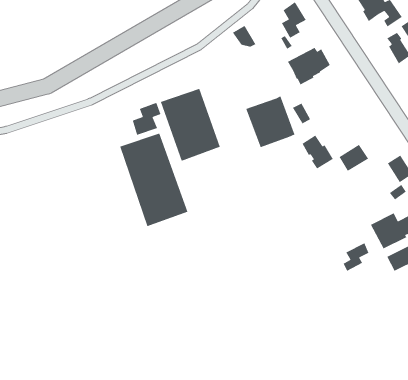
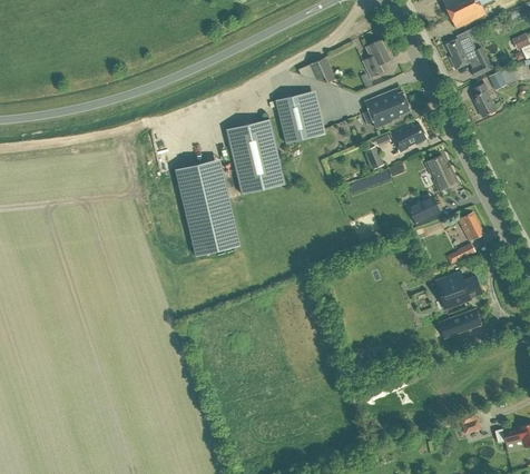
building: none -> [390,124,425,151]
building: [245,95,296,148] -> [275,90,325,144]
building: [132,102,161,136] -> none
building: [301,135,334,169] -> [425,155,458,191]
building: [342,242,370,272] -> none

